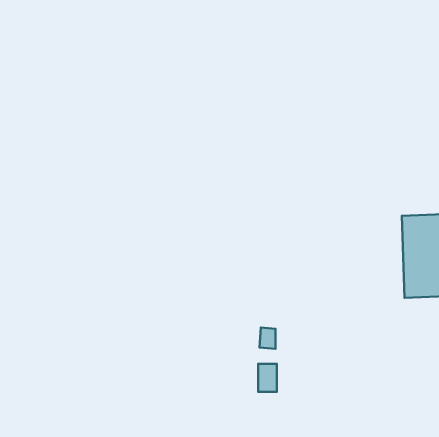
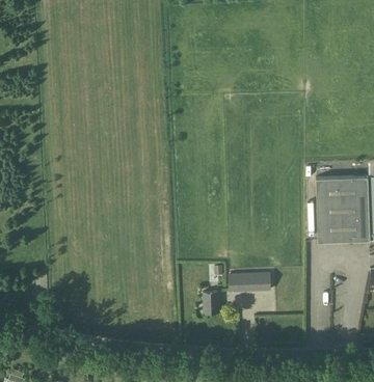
building: none -> [228,273,270,291]

